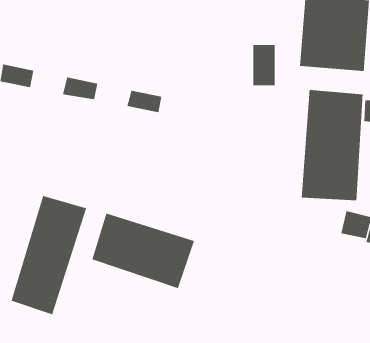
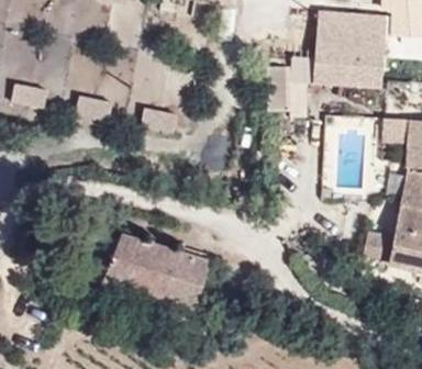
building: [301,89,363,201] -> none
building: [11,195,87,315] -> none

